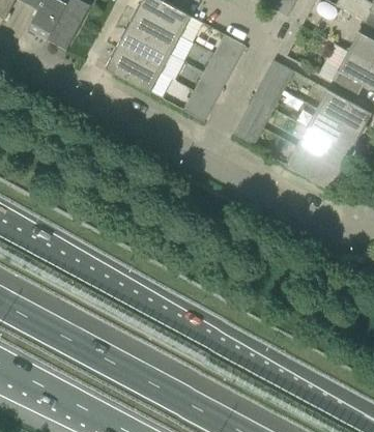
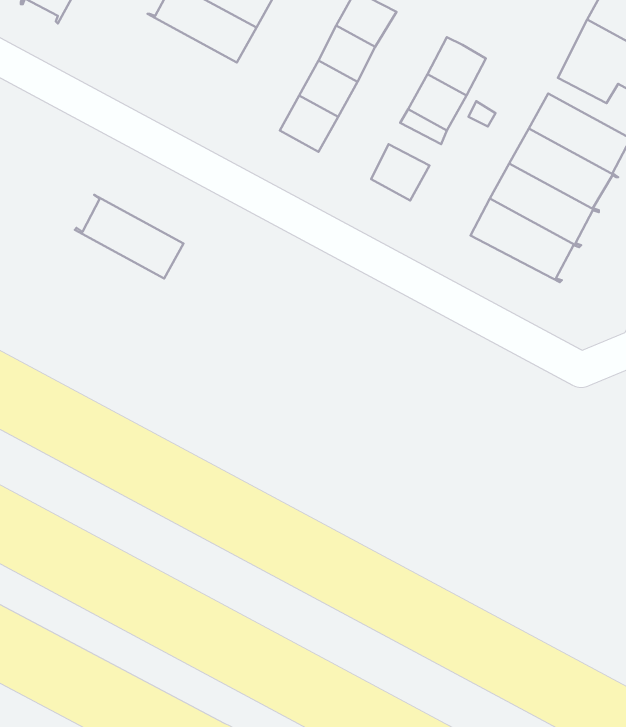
building: [103,47,161,91] -> [75,195,184,278]

